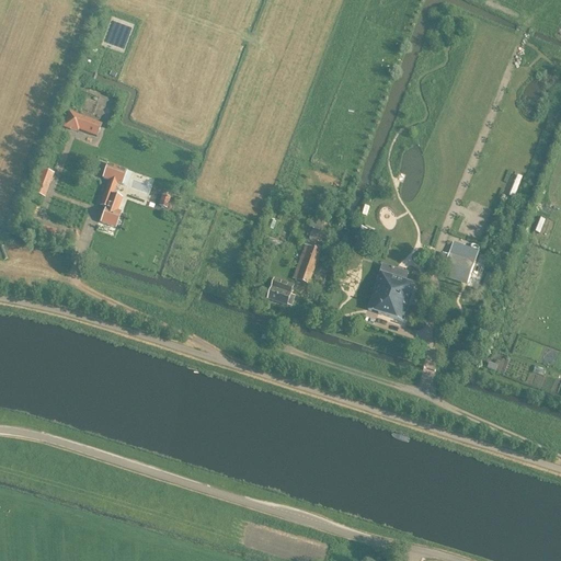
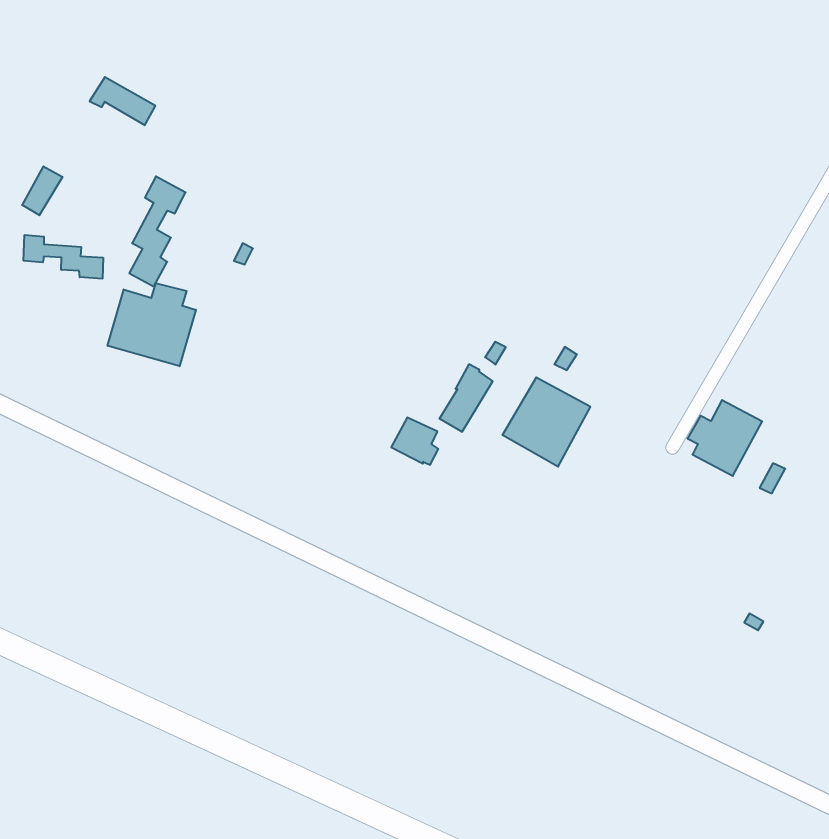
building: none -> [24,235,103,279]
building: none -> [108,283,196,366]
building: [368,271,416,320] -> [502,377,590,467]

